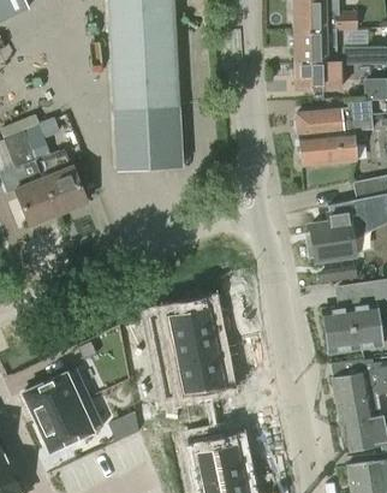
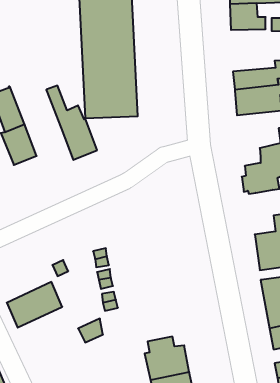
building: [294,60,340,89] -> none
building: [26,124,88,214] -> [46,86,97,160]
building: [151,305,226,397] -> none
building: [36,397,105,451] -> none

